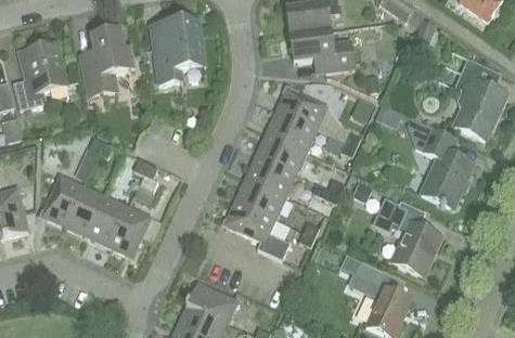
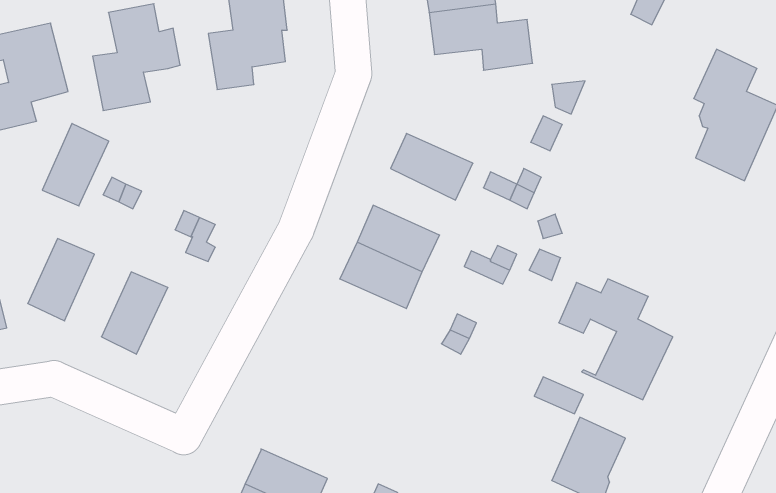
building: [275,87,327,128] -> none
building: [407,117,474,207] -> none
building: [255,131,306,172] -> none
building: [64,184,105,235] -> [42,123,109,206]
building: [223,199,289,259] -> none
building: [108,205,151,256] -> none
building: [185,282,237,323] -> none

